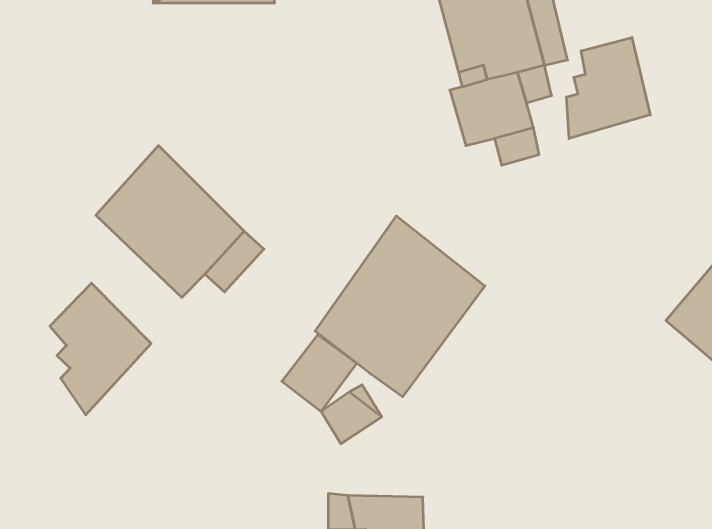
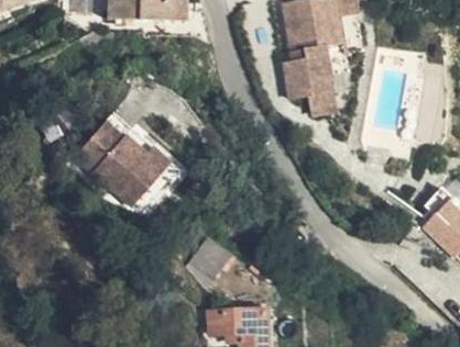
building: [566,37,650,139] -> none
building: [315,216,485,397] -> none
building: [50,283,151,415] -> none

